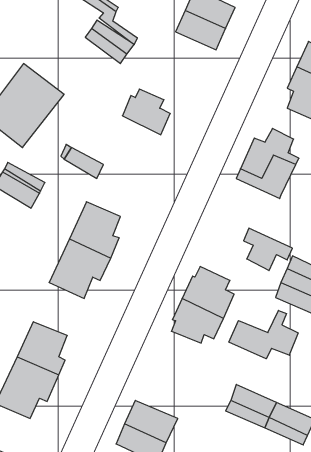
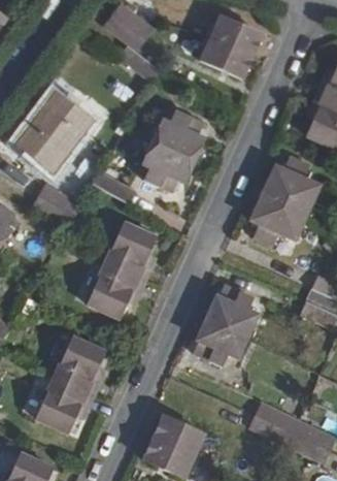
building: none -> [139,140,188,185]
building: [244,228,292,271] -> [256,201,303,243]
building: [229,310,298,359] -> none

